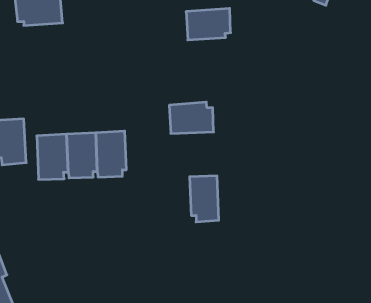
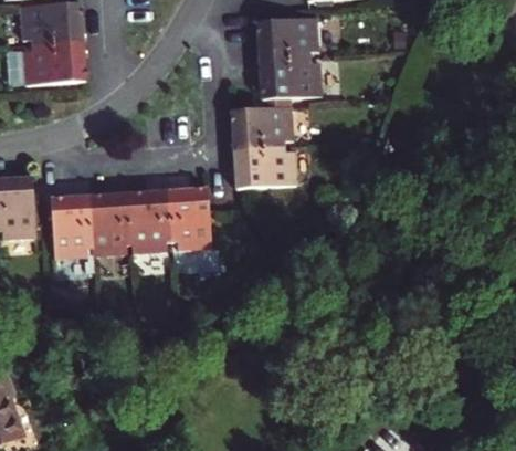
building: none -> [25,43,91,88]
building: none -> [259,63,320,108]
building: none -> [231,113,293,156]
building: [190,176,219,222] -> [172,190,212,253]

